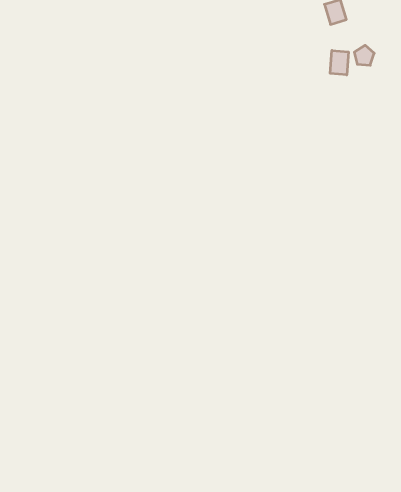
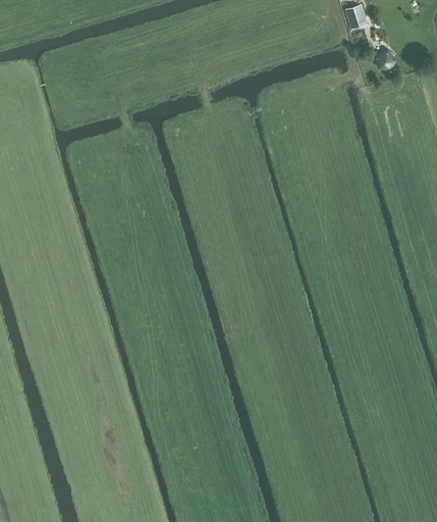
building: [330,50,348,75] -> none

